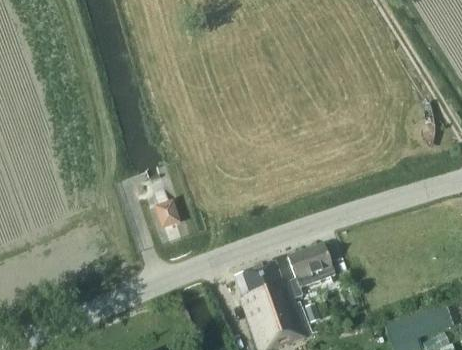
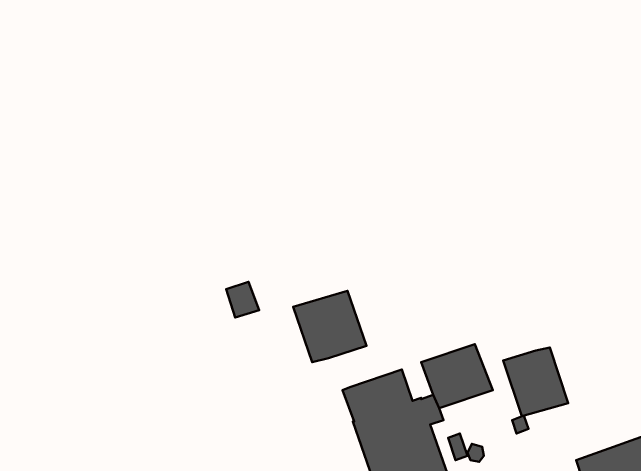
building: none -> [293,291,367,362]
building: none -> [503,348,568,416]

